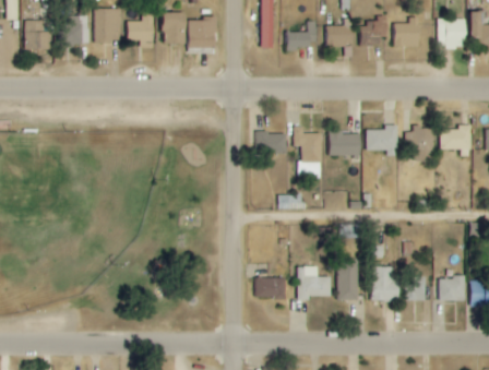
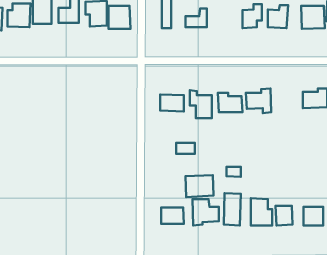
building: [327,25,354,45] -> none
building: [412,128,434,160] -> none
building: none -> [185,175,214,197]

